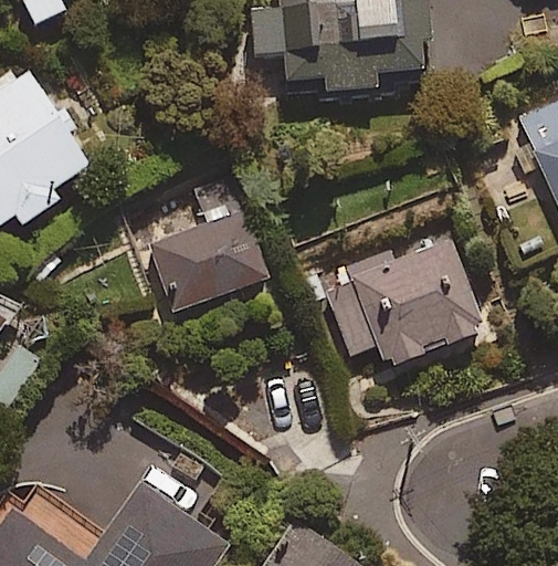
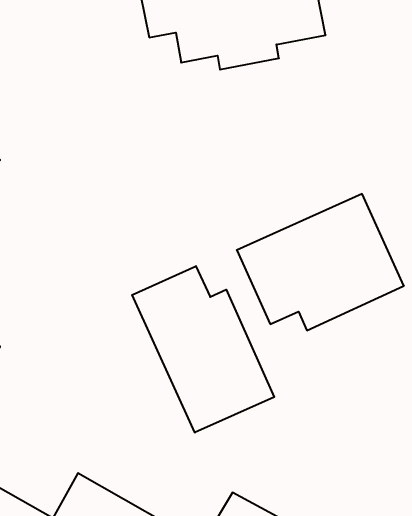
building: [150,178,266,311] -> none
building: none -> [132,266,274,433]

